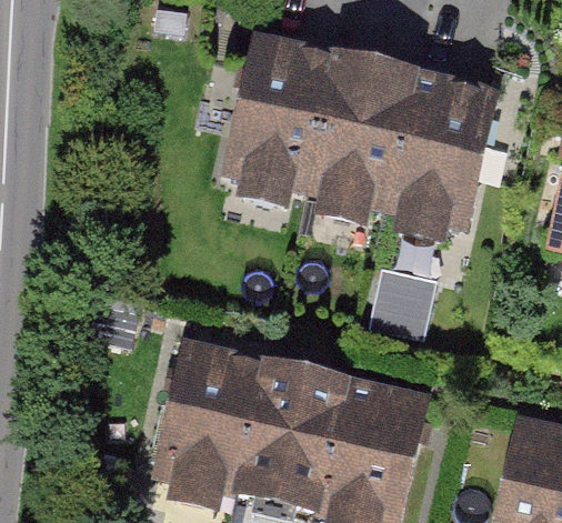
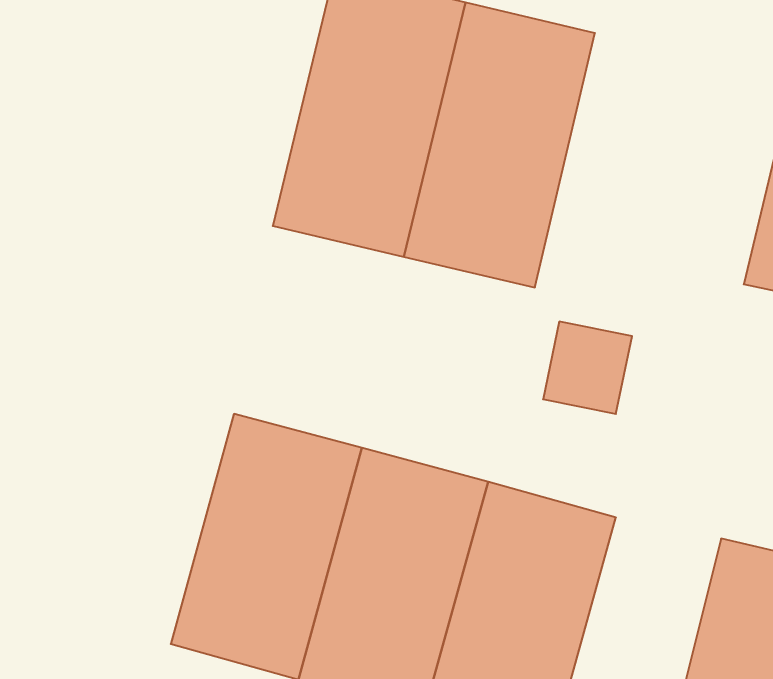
building: [390,69,521,265] -> none

